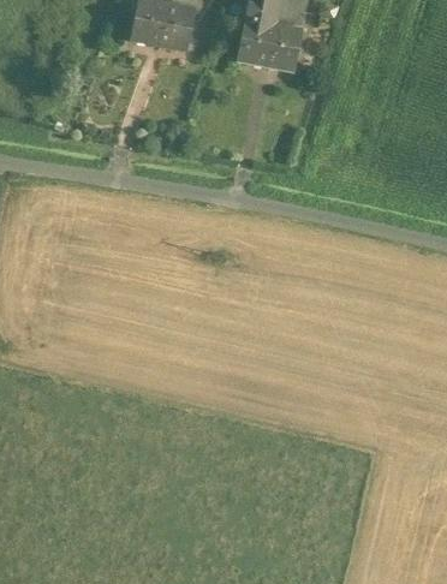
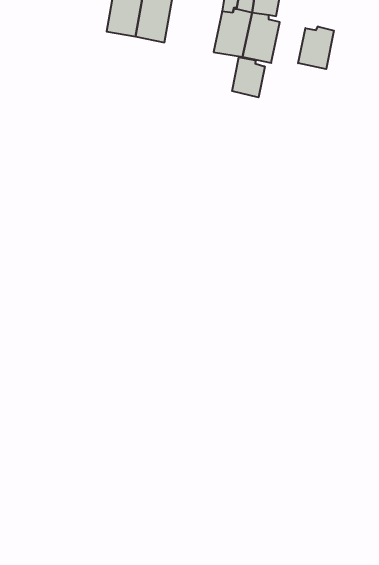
building: none -> [298,26,334,69]
building: none -> [232,57,265,97]

